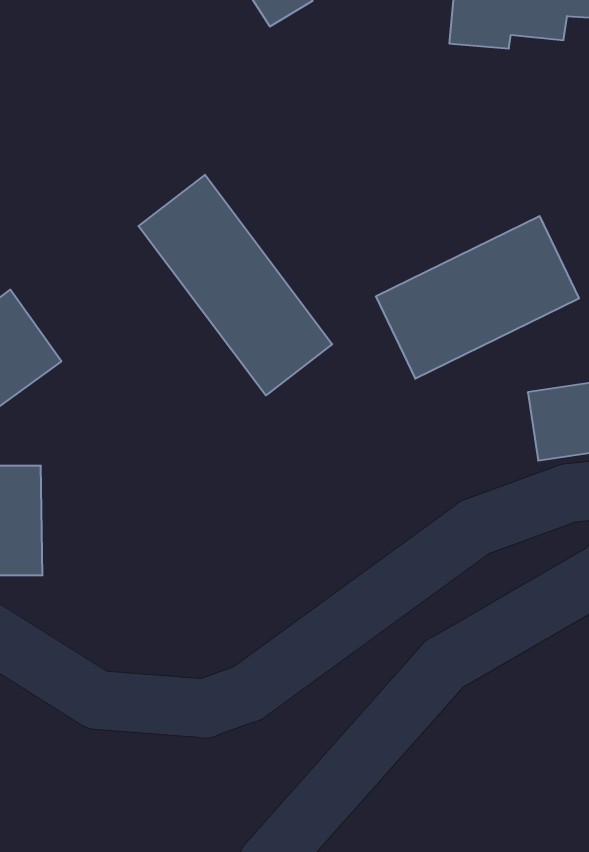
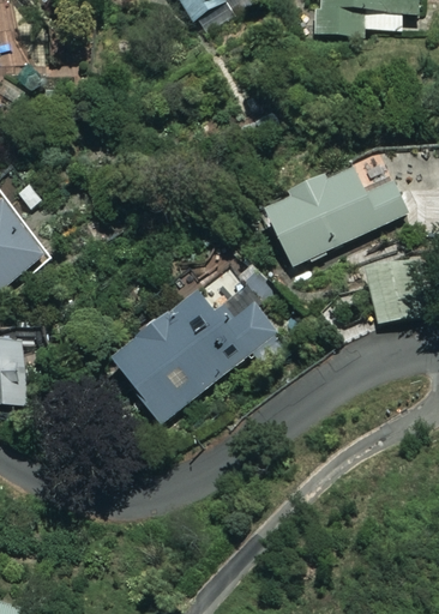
building: [138,175,332,395] -> none
building: none -> [113,290,275,420]

